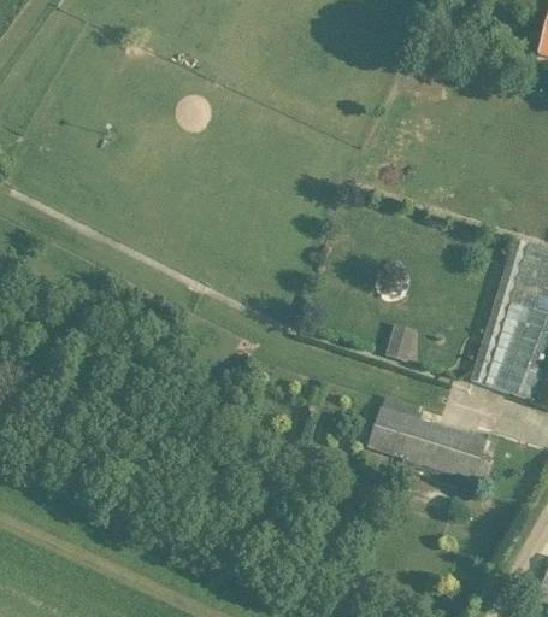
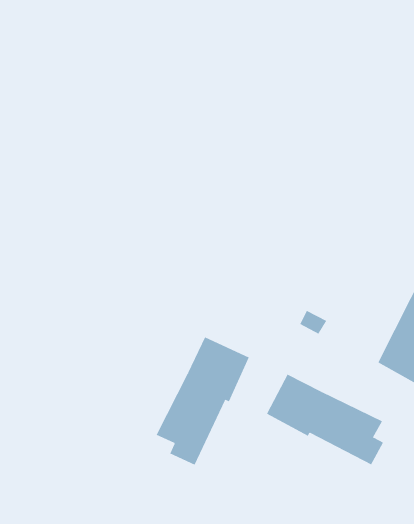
building: none -> [156,336,249,466]

